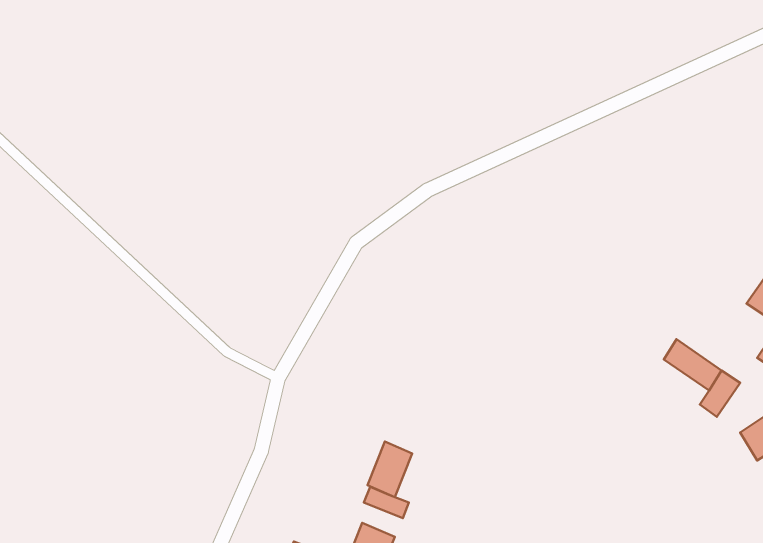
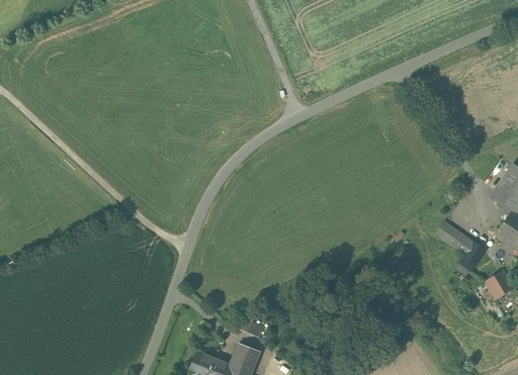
building: [367,442,412,497] -> none

